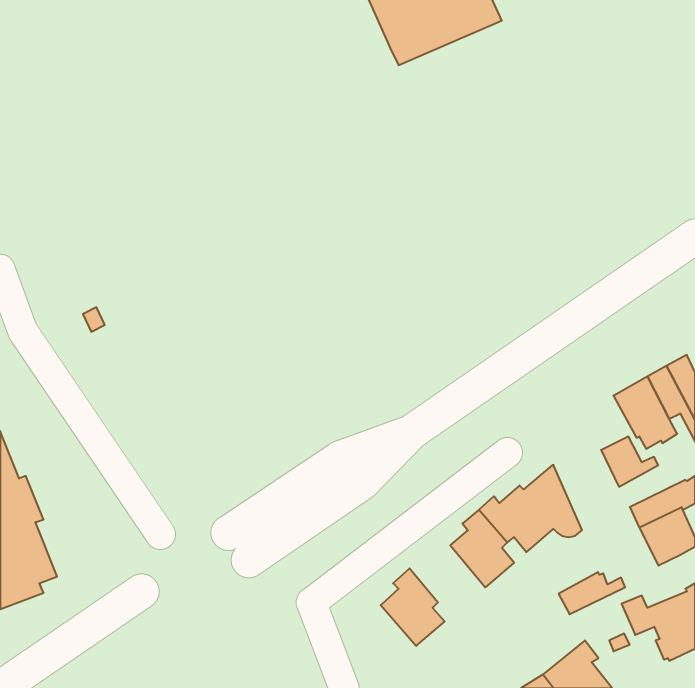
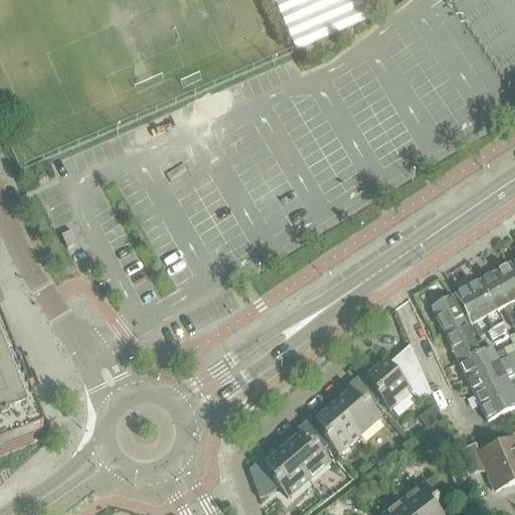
building: none -> [432,295,465,333]
building: none -> [303,403,359,453]
building: [559,572,625,614] -> [458,344,507,375]
building: none -> [251,448,308,496]

